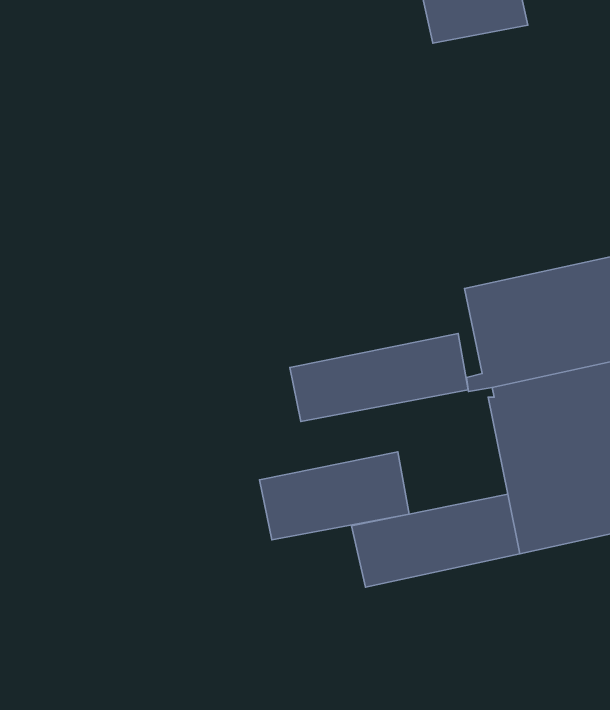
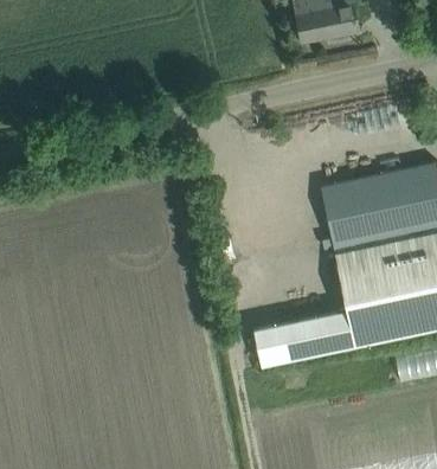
building: [290,333,468,422] -> none
building: [259,452,409,540] -> none

